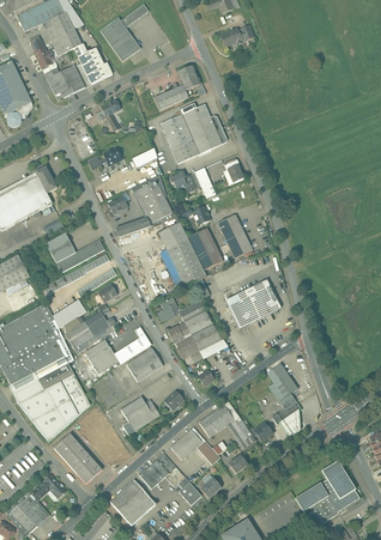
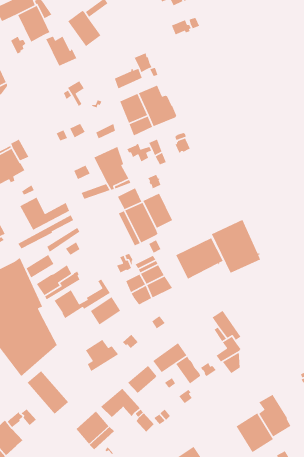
building: [44,65,85,97] -> none
building: [218,213,253,257] -> none
building: none -> [211,219,261,274]

